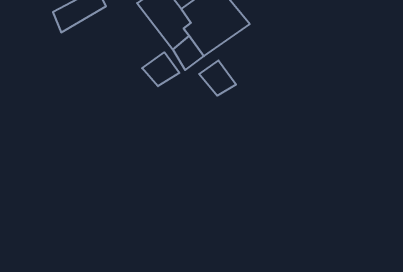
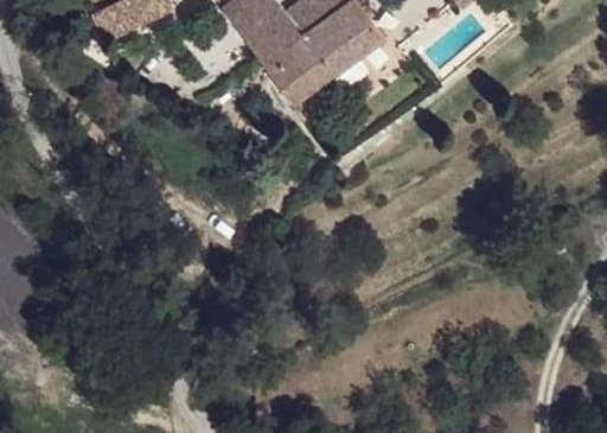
building: [142,52,179,86] -> none
building: [199,60,236,96] -> none

